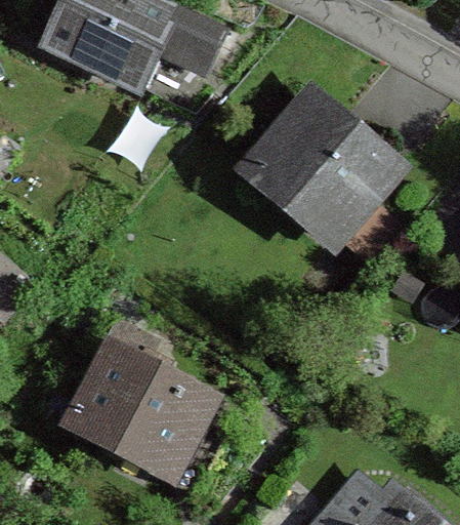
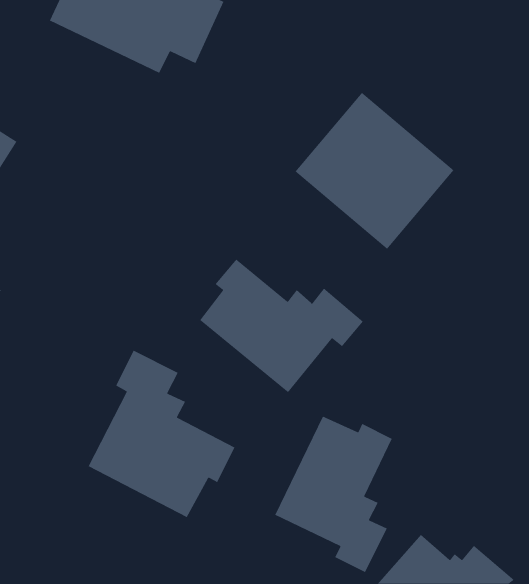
building: none -> [199,259,364,393]
building: none -> [274,416,393,573]

